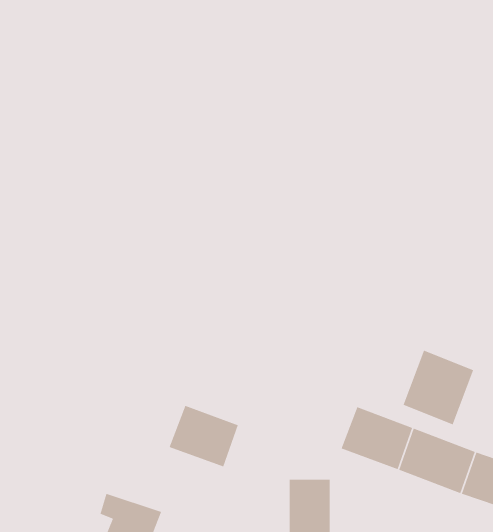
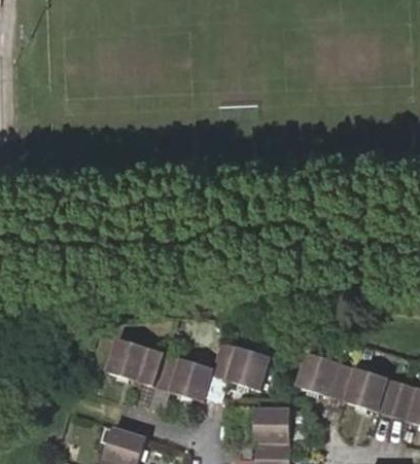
building: [402,349,474,426] -> none
building: none -> [104,329,167,384]
building: none -> [211,335,274,384]

